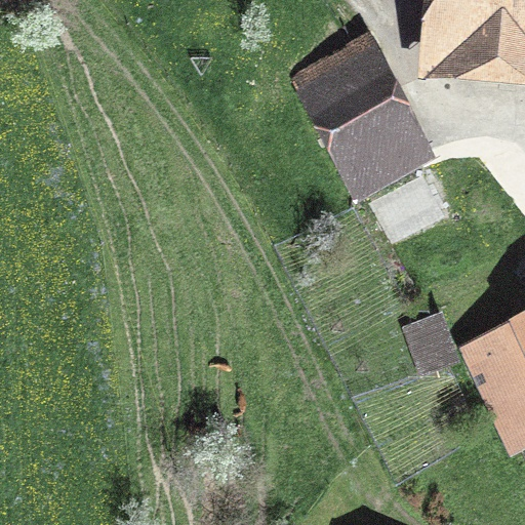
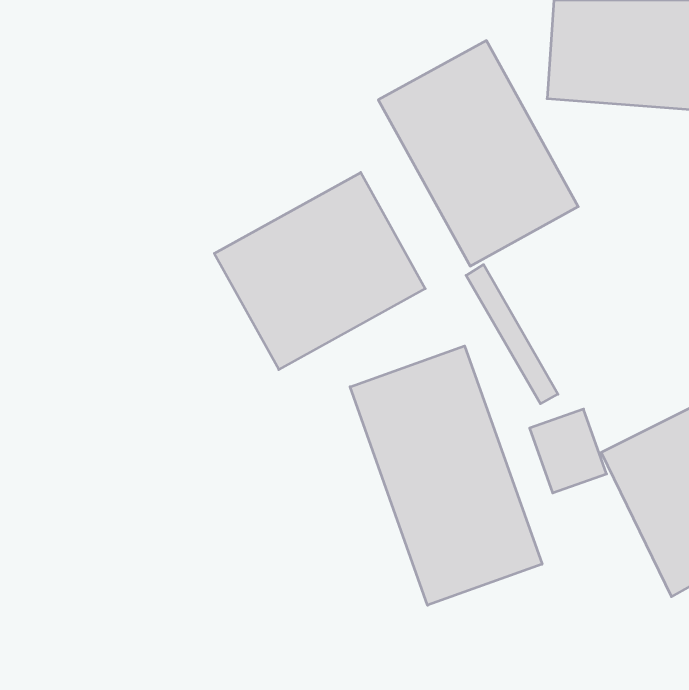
building: none -> [214,172,425,370]
building: none -> [350,346,542,605]

